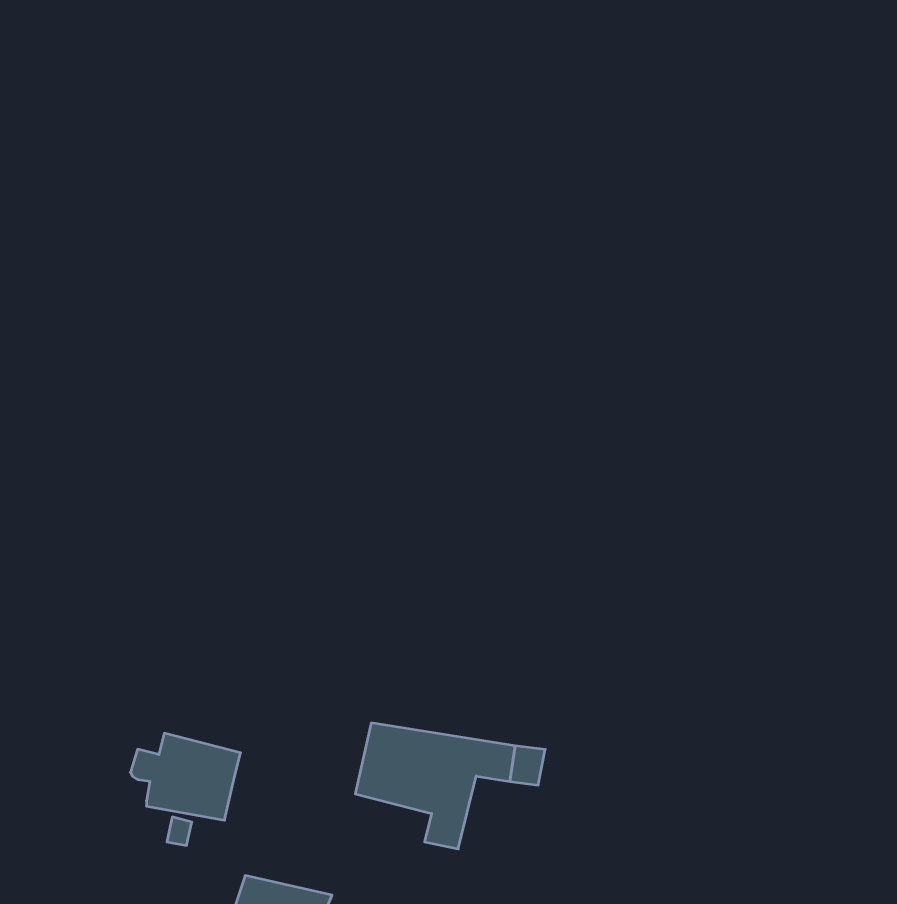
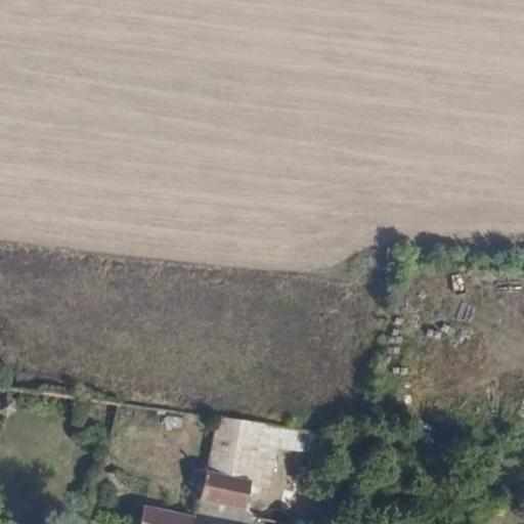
building: [130,733,241,820] -> [191,460,255,510]

